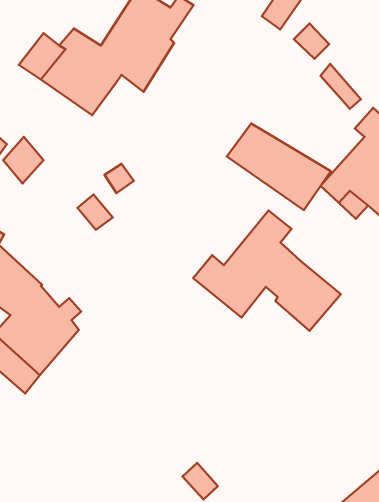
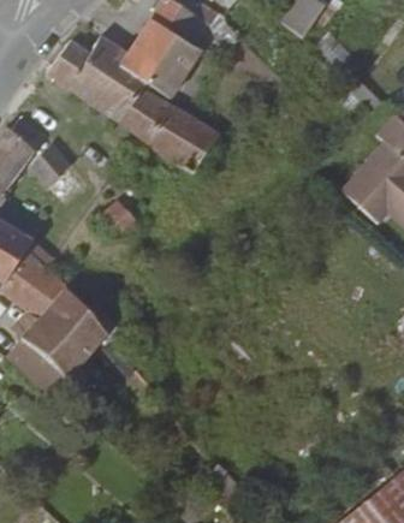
building: [227,123,331,210] -> [118,89,220,174]
building: [193,210,341,331] -> none

